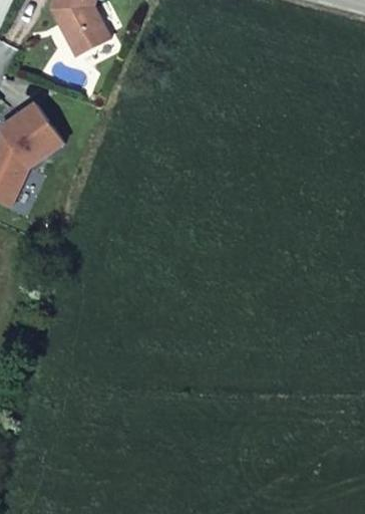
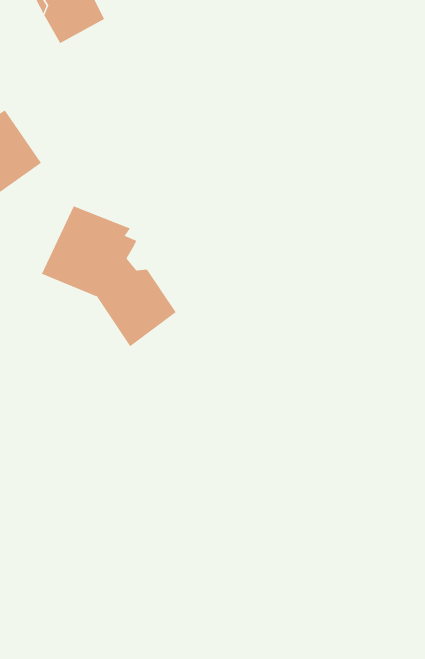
building: none -> [41,206,176,347]

